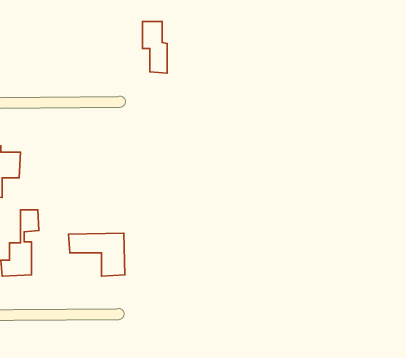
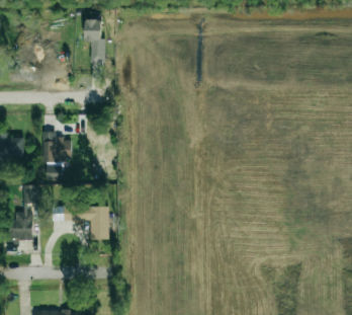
building: [142,21,167,73] -> [84,20,104,63]
building: none -> [41,132,71,161]

